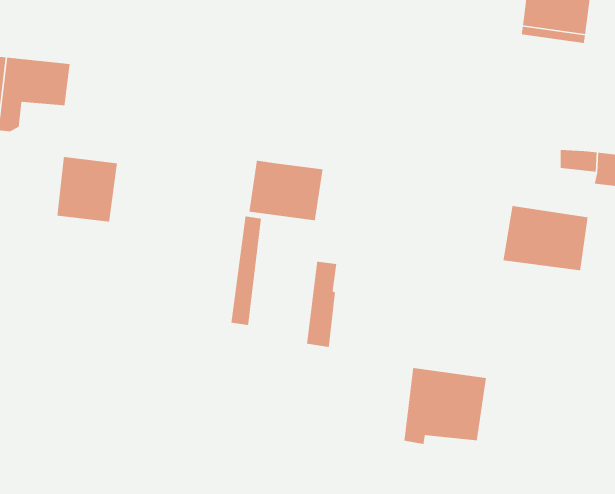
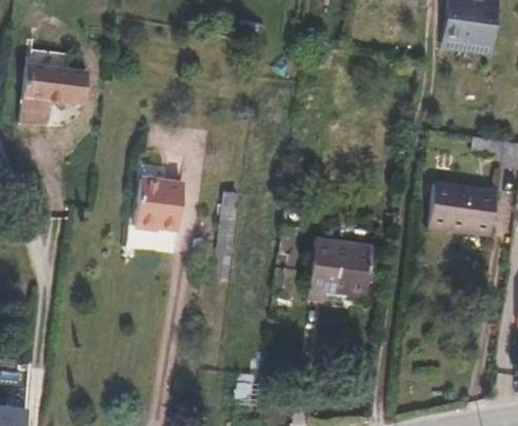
building: [57,156,118,223] -> [137,168,186,221]
building: [248,160,323,221] -> none
building: [403,367,487,445] -> [309,238,374,300]

